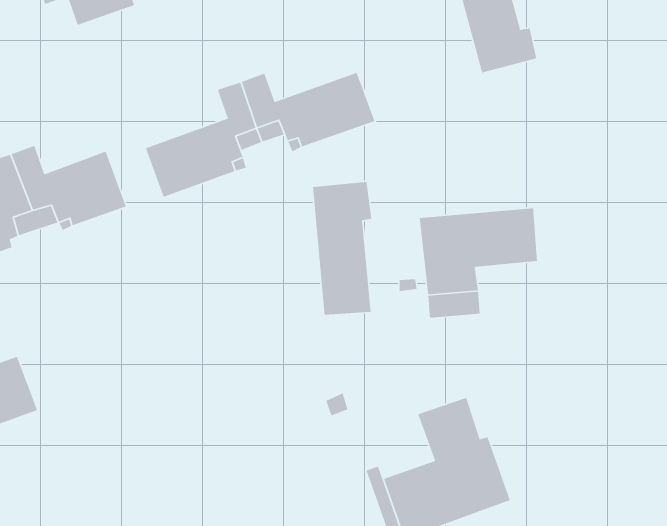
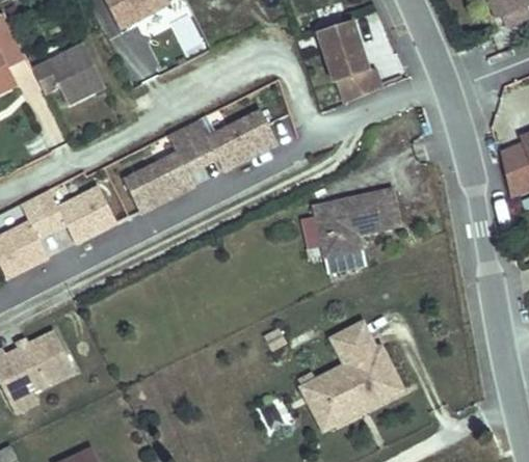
building: [312,181,372,315] -> none

